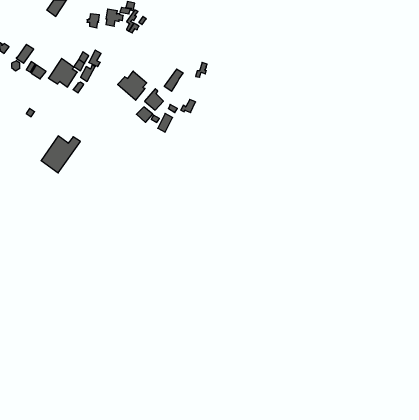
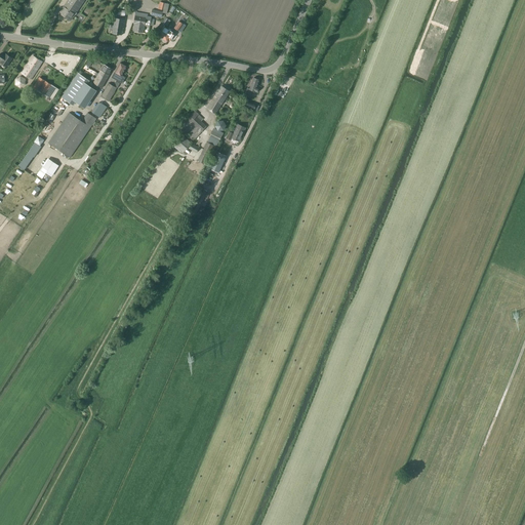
building: [118,71,147,100] -> none
building: [41,136,80,173] -> [47,112,96,158]

